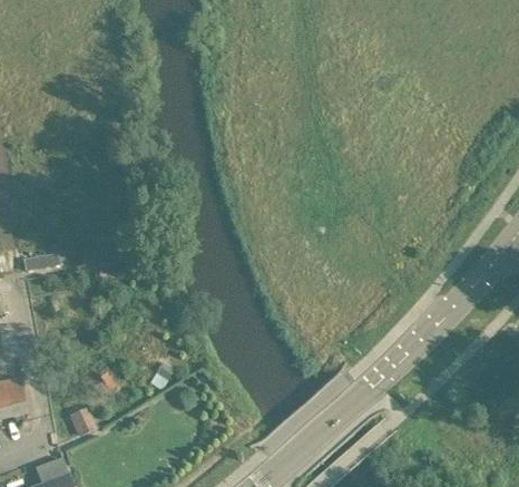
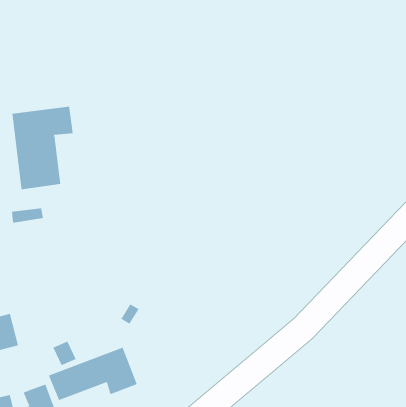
building: none -> [12,106,73,190]
building: none -> [48,347,137,401]

